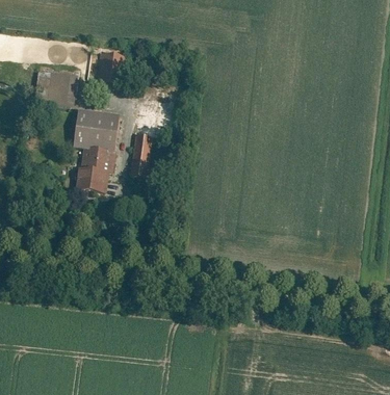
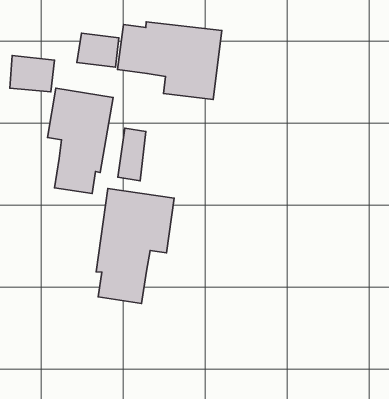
building: none -> [118,22,222,100]
building: none -> [96,189,174,303]

